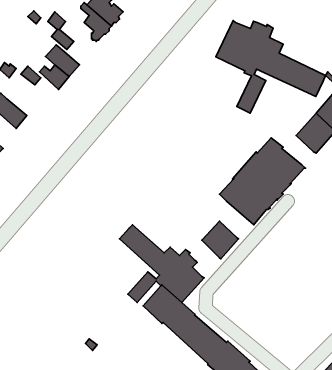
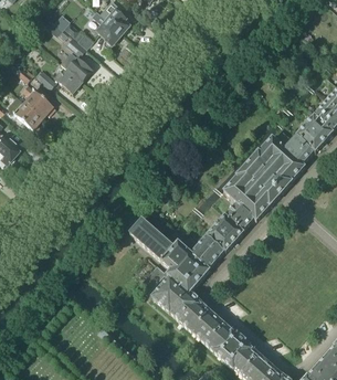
building: [216,20,325,113] -> none
building: none -> [23,84,55,117]
building: none -> [272,133,313,163]
building: none -> [224,198,254,232]
building: none -> [196,234,224,268]

